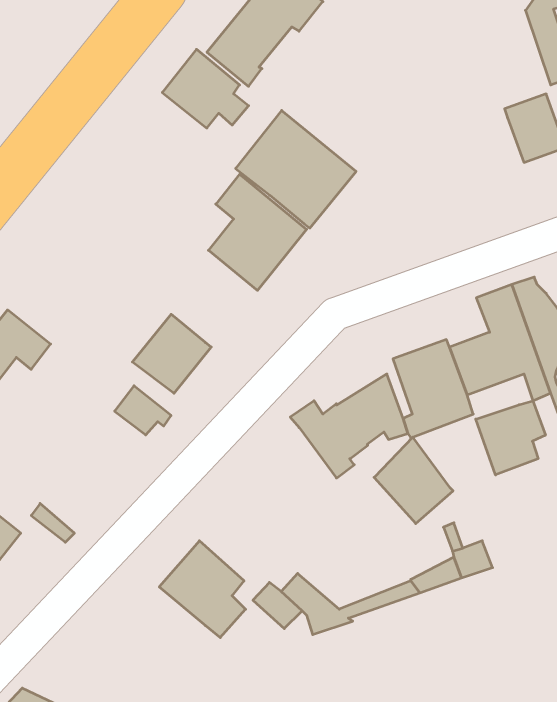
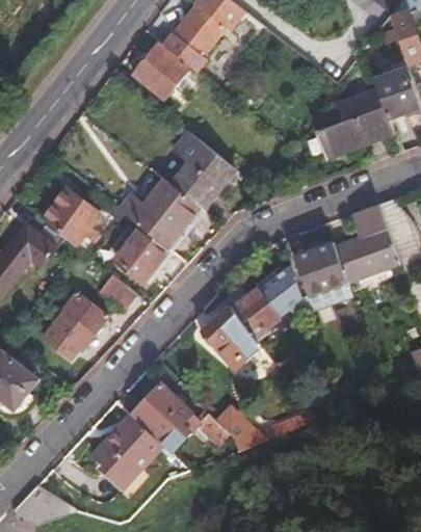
building: [236,110,356,228] -> [116,166,201,248]
building: none -> [315,88,391,156]
building: none -> [43,198,102,243]
building: [476,401,545,475] -> none
building: none -> [43,292,107,356]
building: [374,437,453,524] -> [203,304,258,365]
building: none -> [95,416,164,485]

